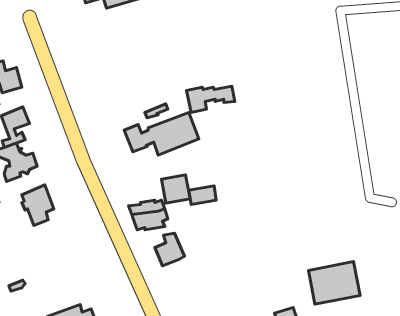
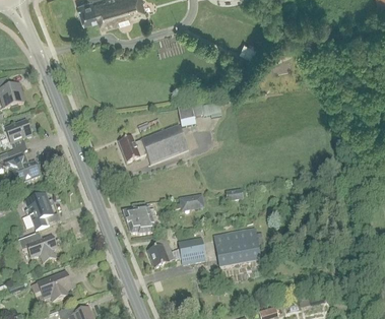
building: [161,175,190,203] -> [179,237,205,263]
building: none -> [18,232,57,262]
building: [308,262,360,304] -> [213,227,261,266]
building: none -> [38,270,72,301]

